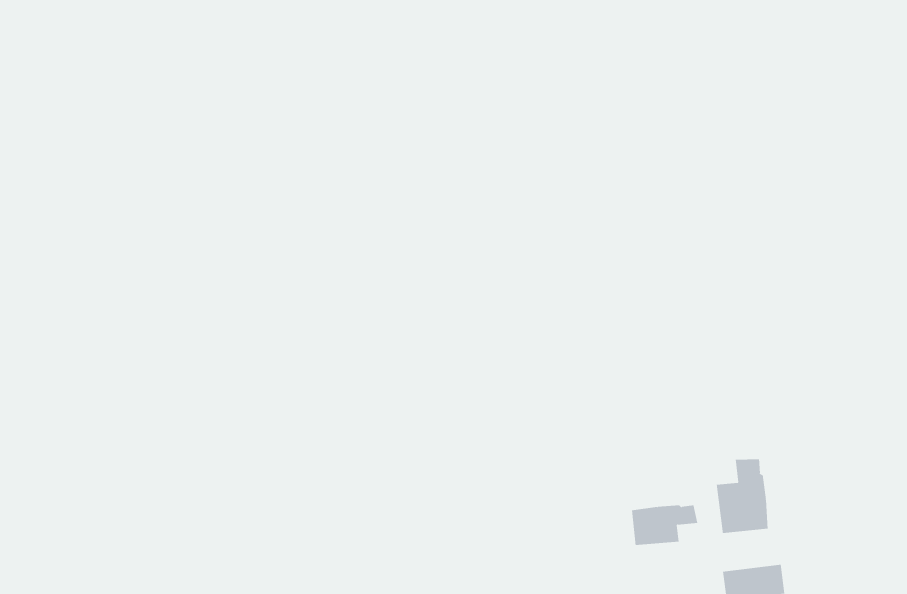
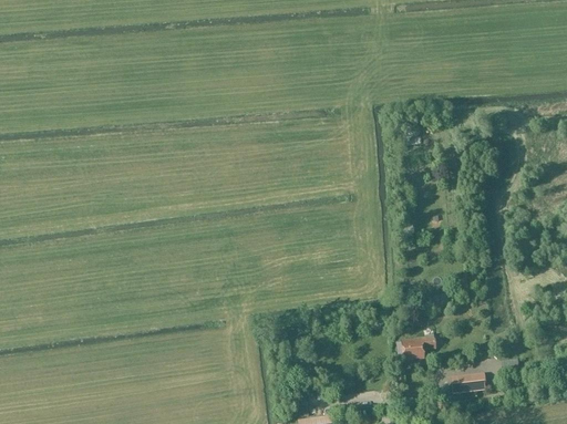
building: [716,459,768,534] -> none

